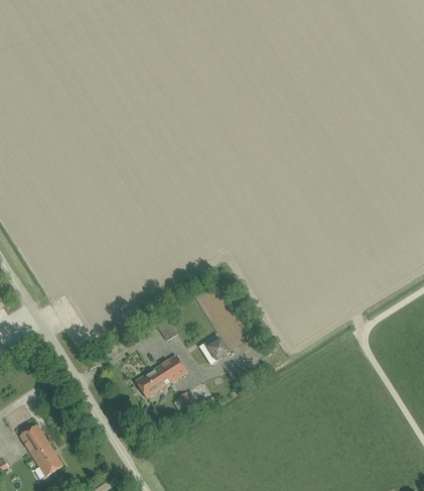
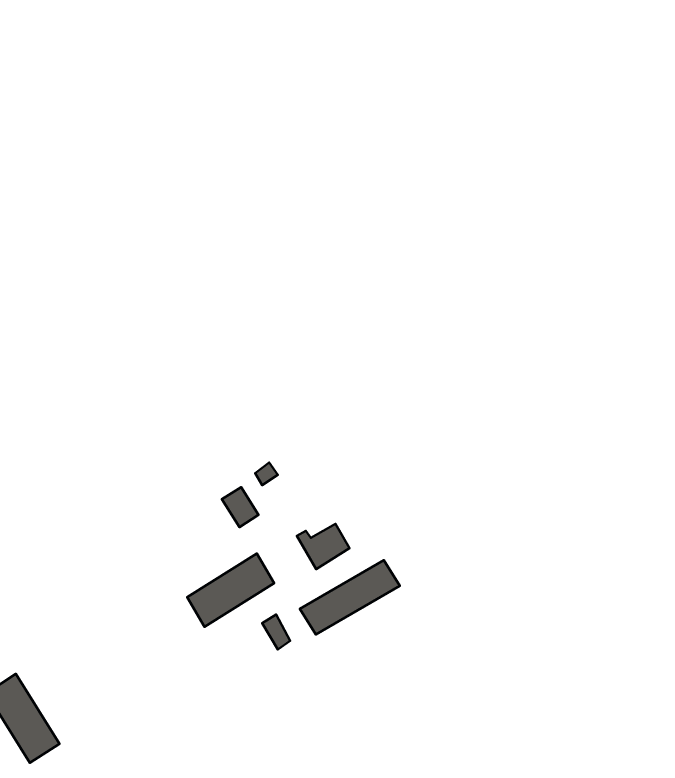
building: none -> [300,560,400,635]

